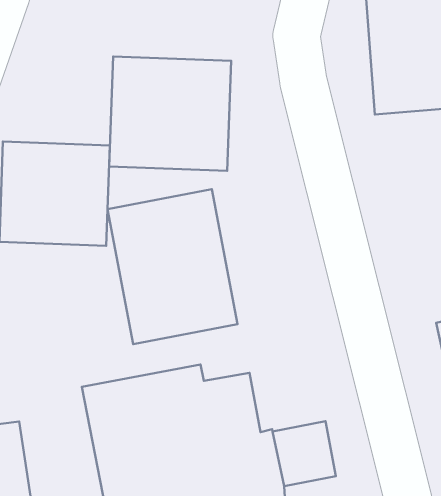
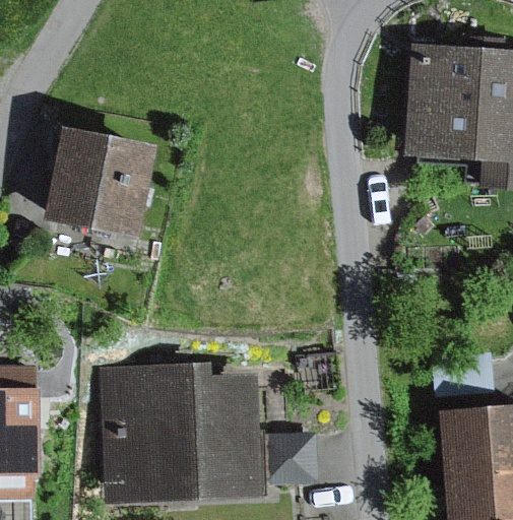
building: [109,57,231,171] -> none
building: [108,189,238,344] -> none

